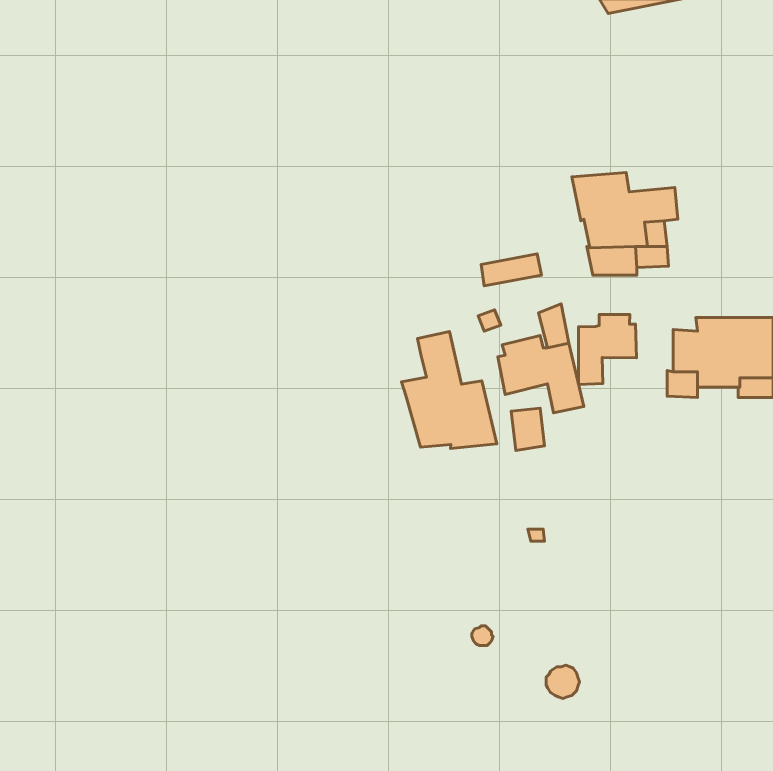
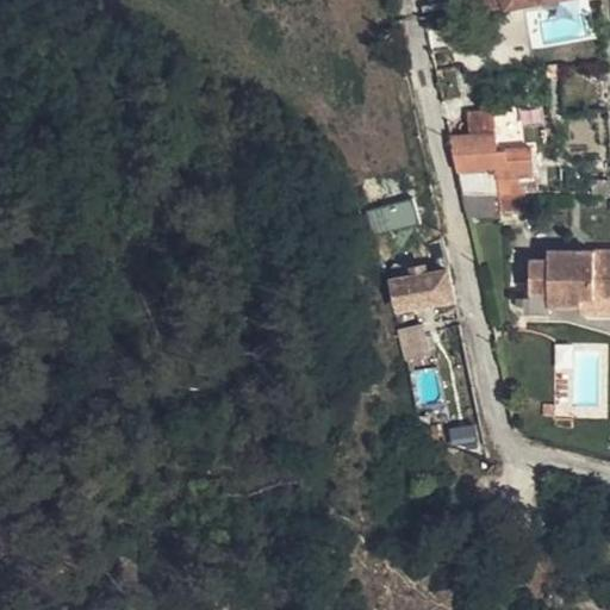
building: [579,315,637,384] -> none
building: [402,331,497,448] -> none

